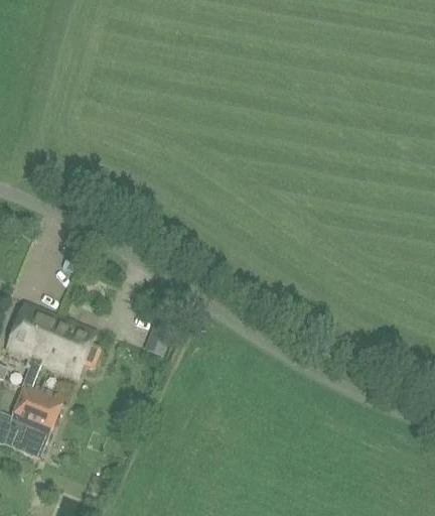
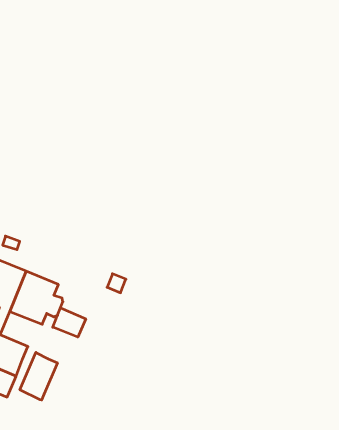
building: none -> [53,308,86,337]
building: none -> [20,352,57,400]

